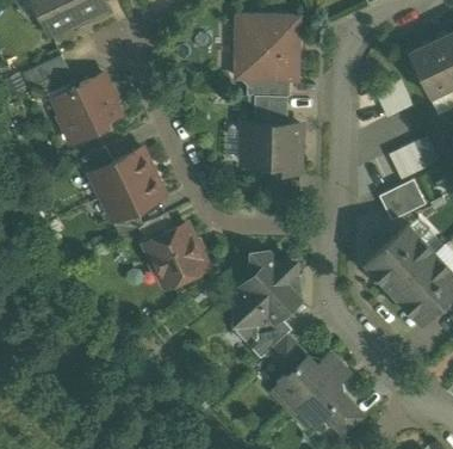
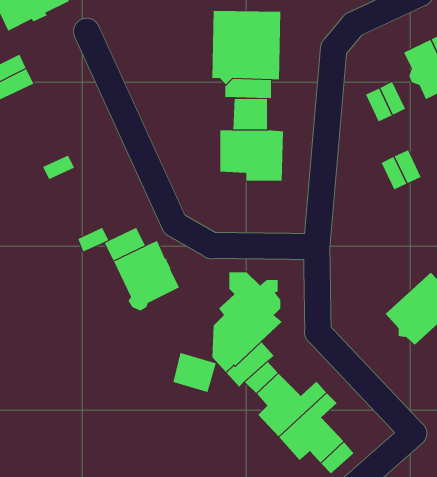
building: [56,74,119,141] -> none
building: [92,148,166,220] -> none
building: [380,179,427,220] -> none
building: [367,224,435,291] -> none
building: none -> [173,352,217,393]

